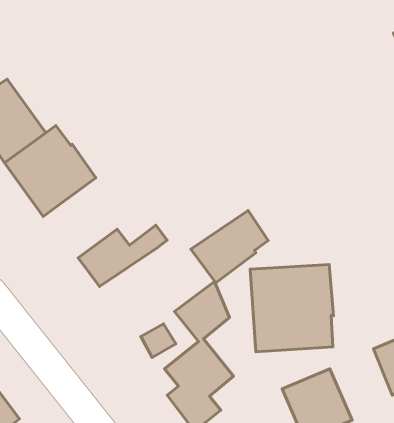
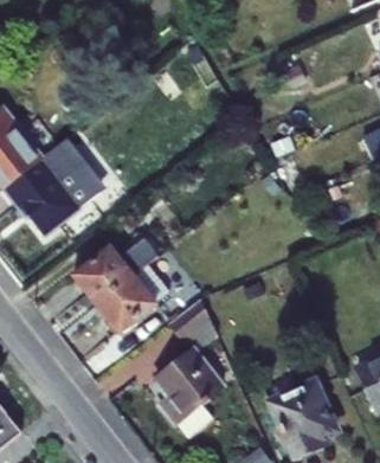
building: [191,210,268,283] -> [99,265,173,334]
building: [250,264,333,352] -> none

